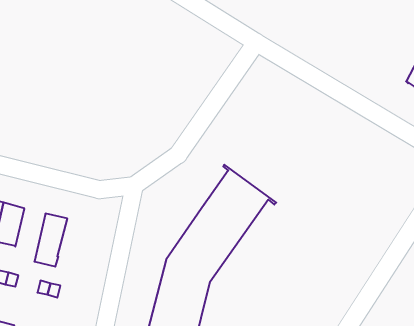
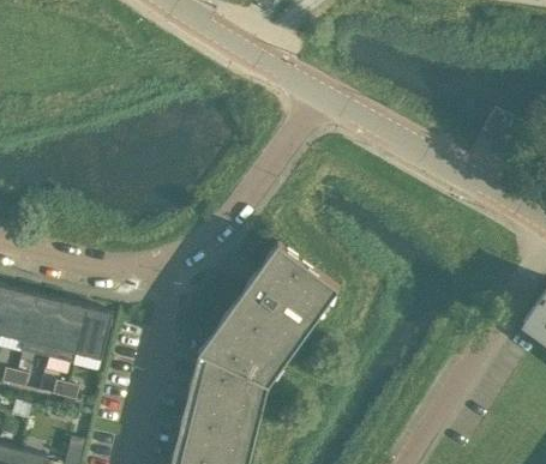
building: none -> [19,295,60,358]
building: none -> [74,307,112,358]

